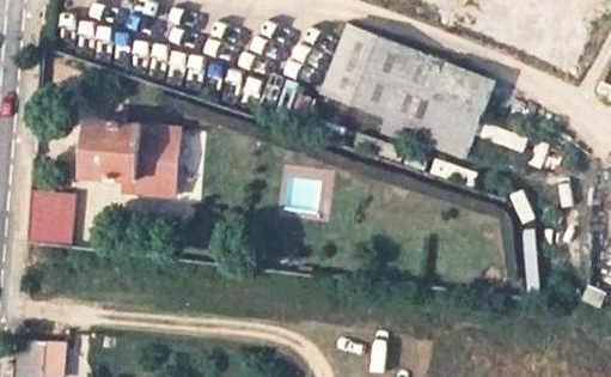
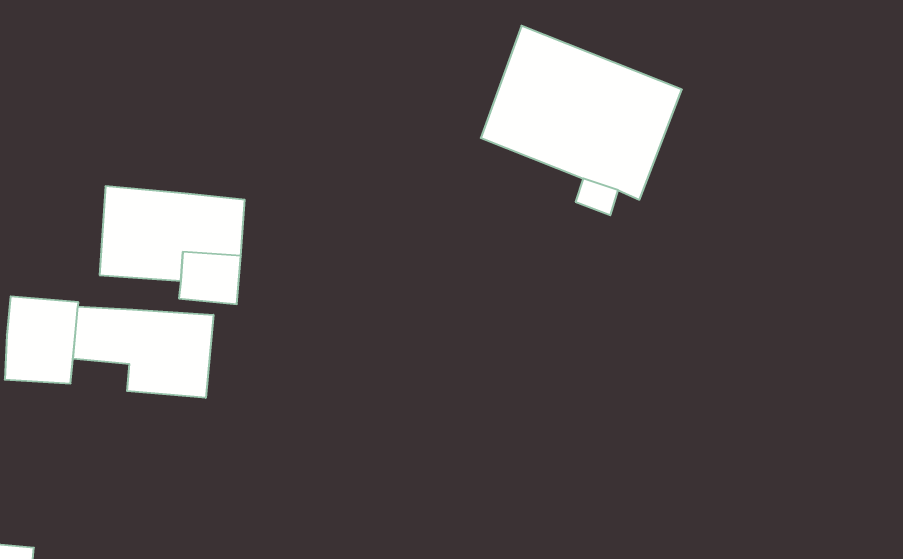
building: [416,62,491,157] -> none
building: none -> [73,307,213,398]

